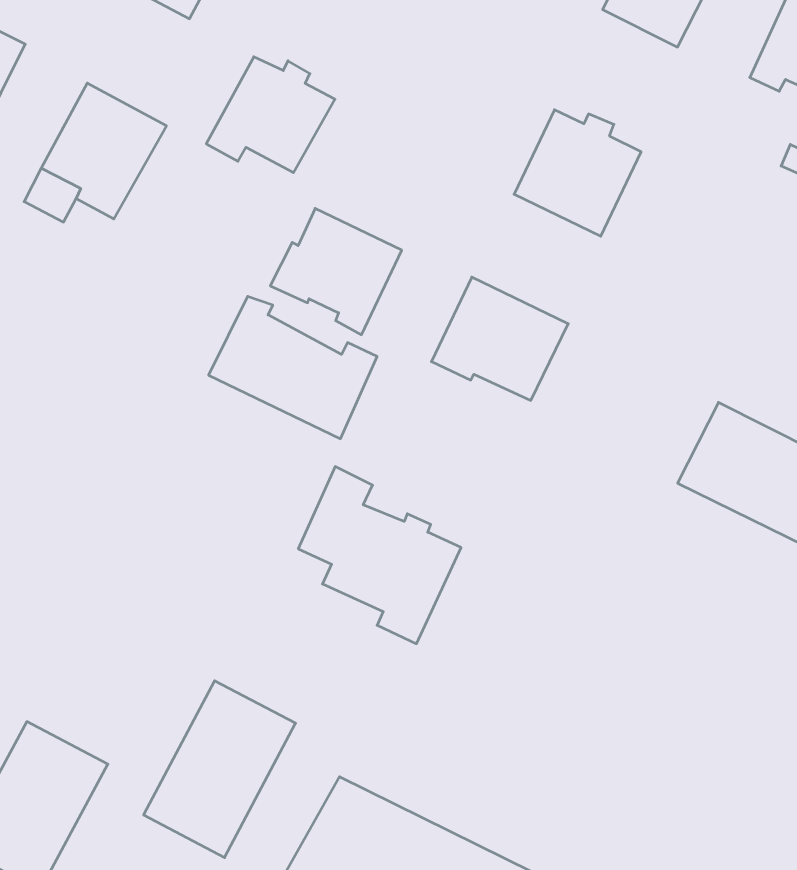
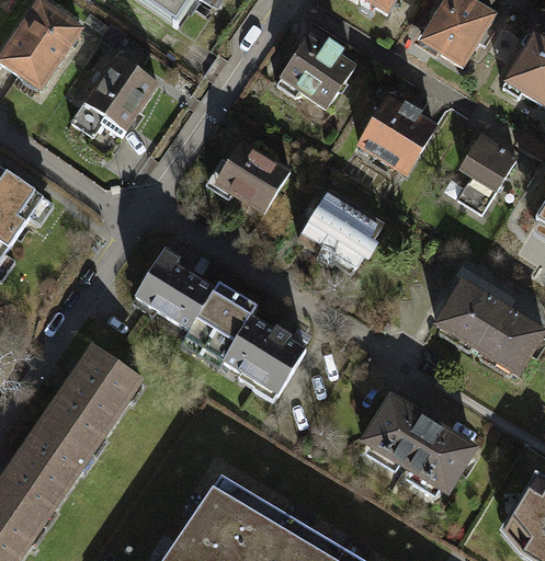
building: [206,57,335,173] -> [276,36,354,106]
building: none -> [455,135,516,213]
building: [209,296,377,439] -> [137,250,237,339]
building: none -> [363,398,474,491]
building: [144,681,296,858] -> [42,350,136,454]

